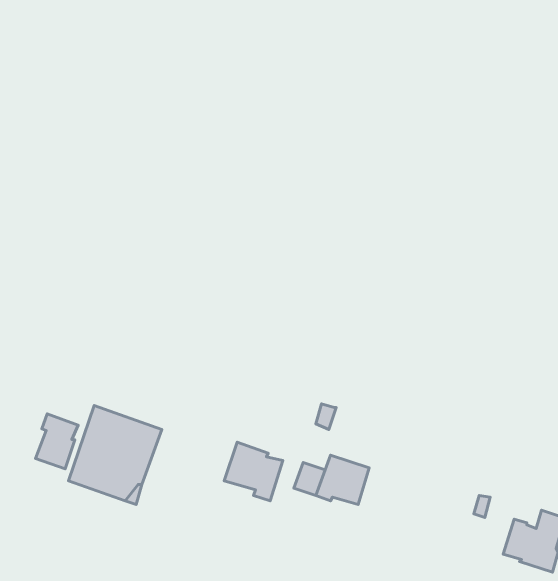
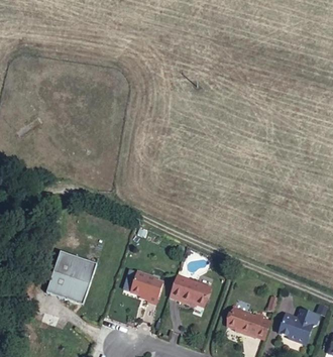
building: [35,414,78,469] -> none
building: none -> [226,307,269,337]

